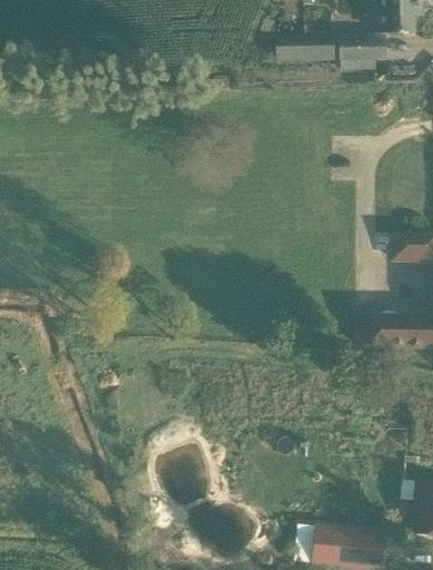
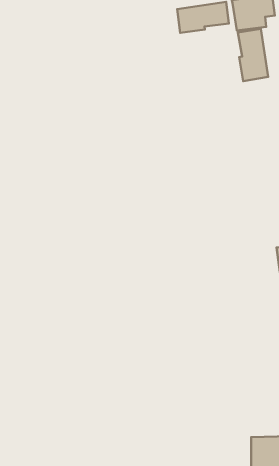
building: none -> [238,29,268,81]

